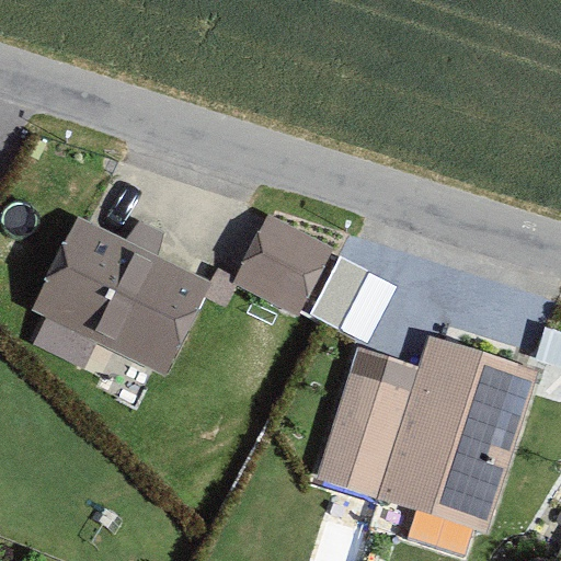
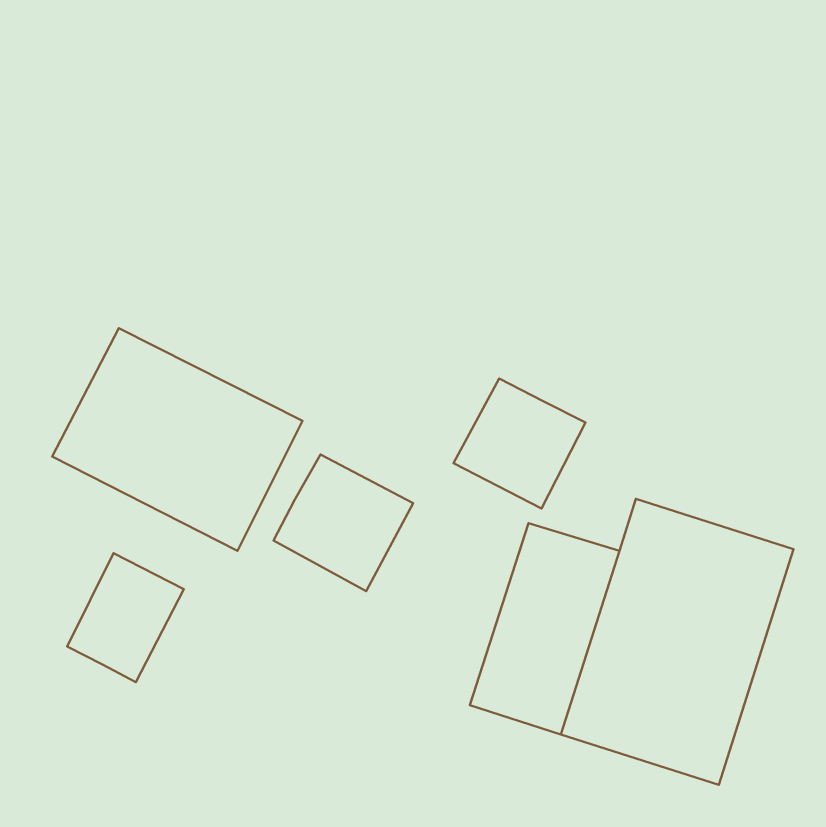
building: [233,218,328,310] -> [273,455,413,591]
building: none -> [67,553,184,682]

